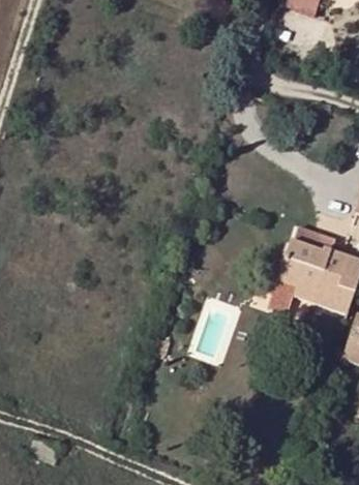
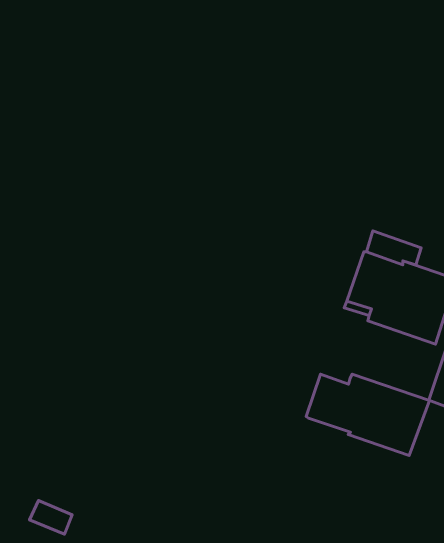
building: none -> [306,374,430,455]

